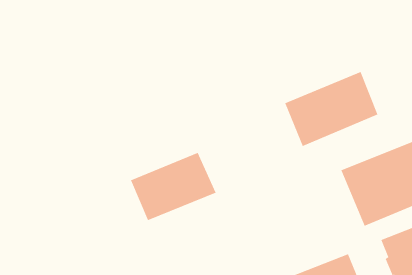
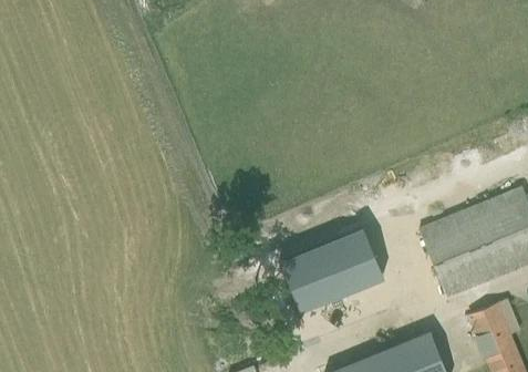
building: [285,71,378,147] -> none
building: [130,152,216,221] -> [278,228,383,312]

